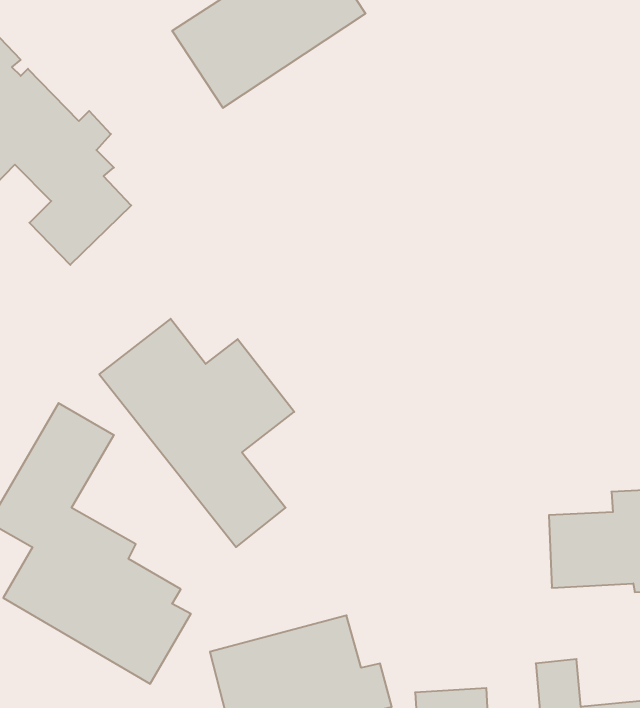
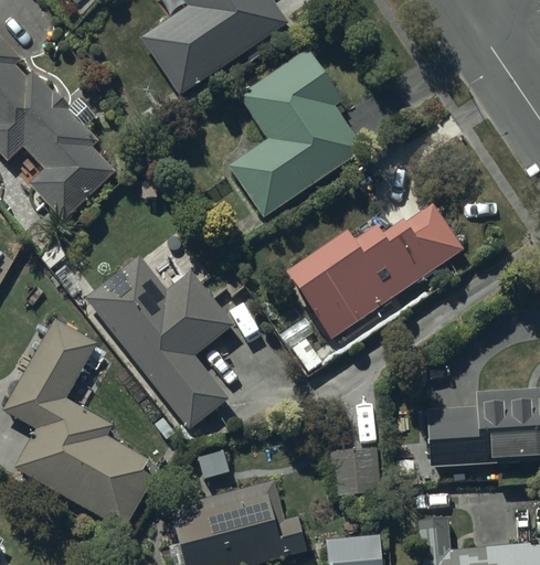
building: none -> [229,49,363,217]
building: none -> [287,205,465,343]
building: none -> [331,447,382,494]

